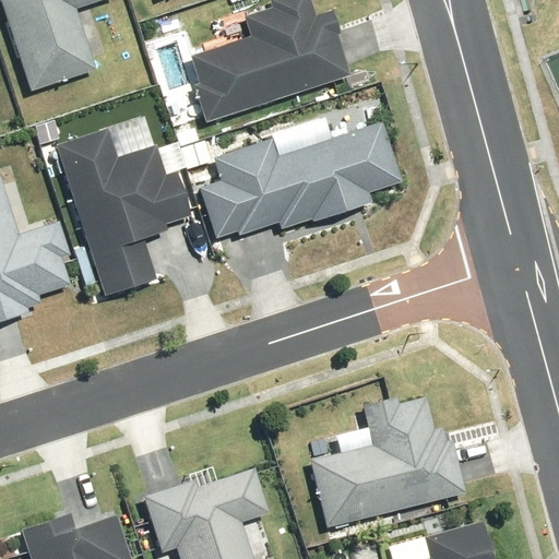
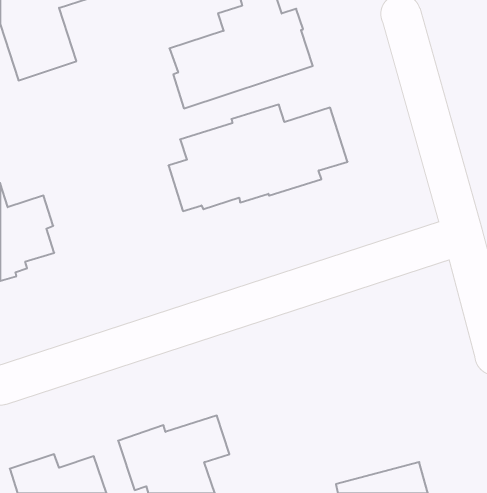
building: [55,128,189,295] -> none
building: [309,396,466,526] -> none

